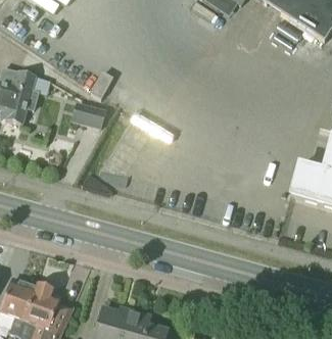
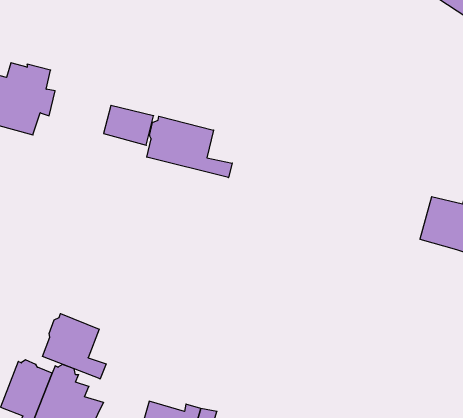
building: none -> [147,116,232,178]
building: none -> [42,314,106,379]

